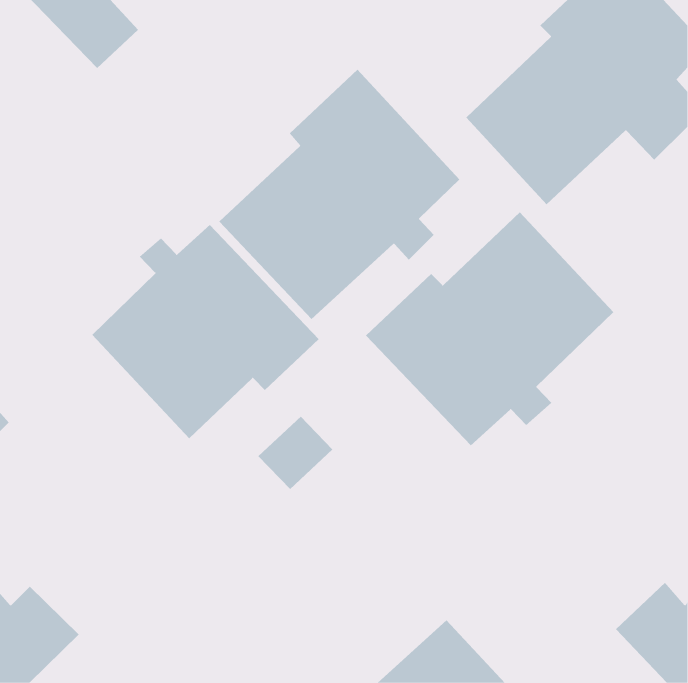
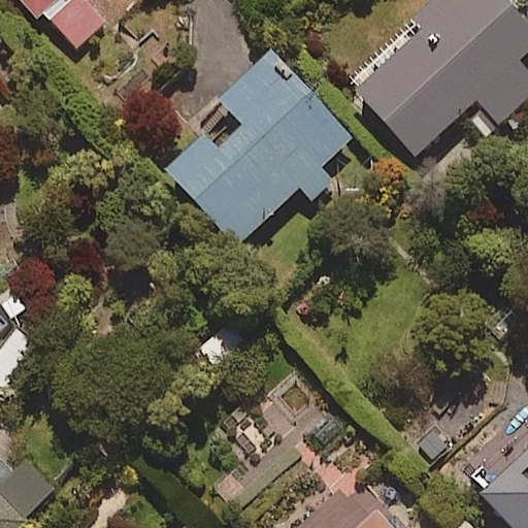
building: [365,212,614,446] -> none
building: [91,224,319,439] -> none

